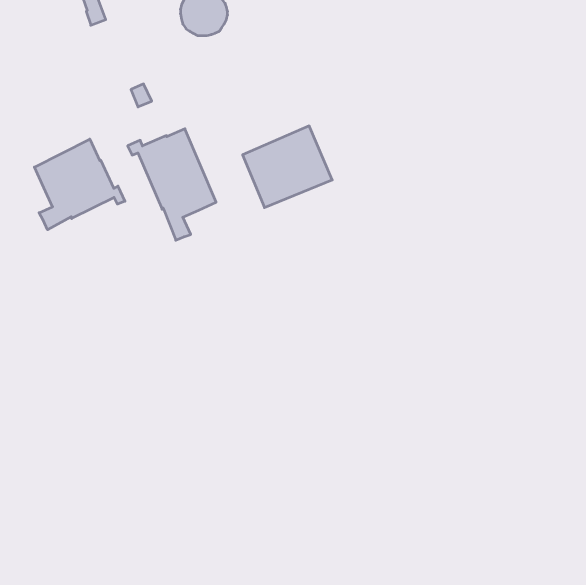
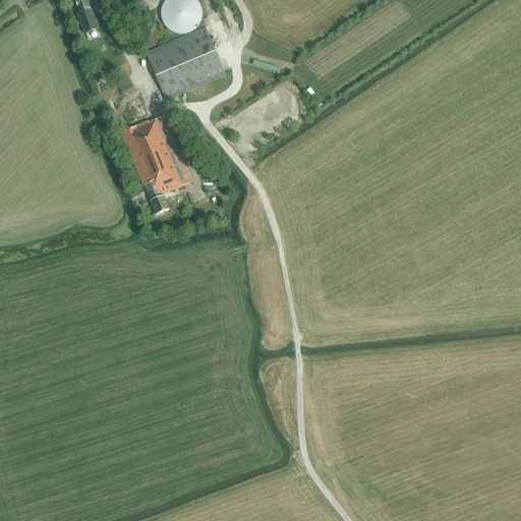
building: [243,126,332,208] -> [146,26,225,99]
building: [34,139,125,230] -> none

